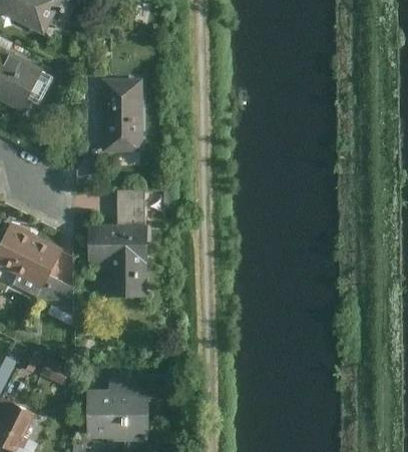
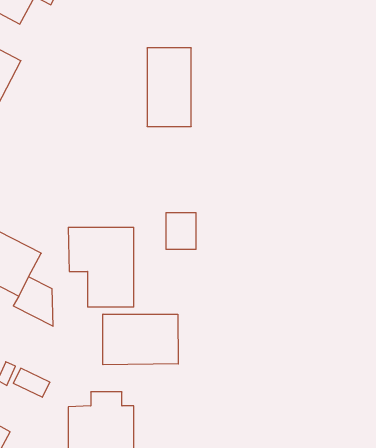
building: [102,78,143,151] -> [147,48,191,126]
building: [117,189,145,223] -> [166,213,196,249]
building: none -> [103,314,178,365]

